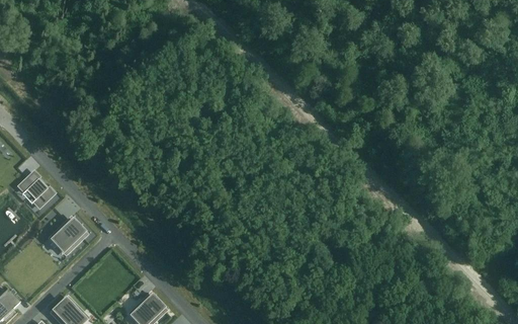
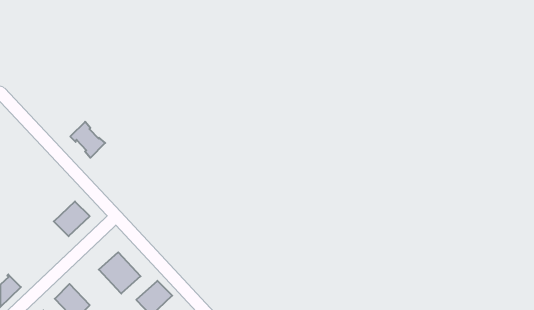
building: [20,172,54,207] -> [70,122,105,158]
building: none -> [99,252,141,294]

